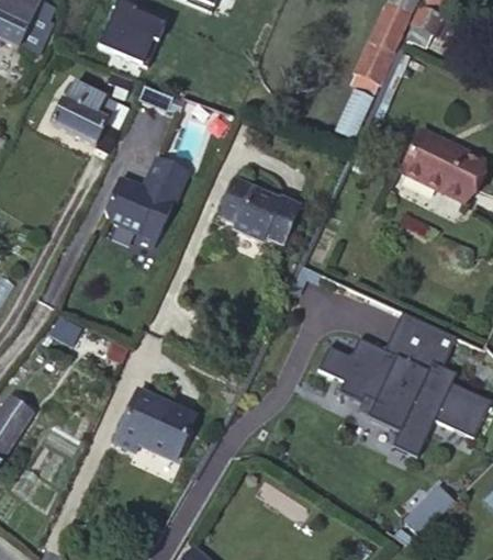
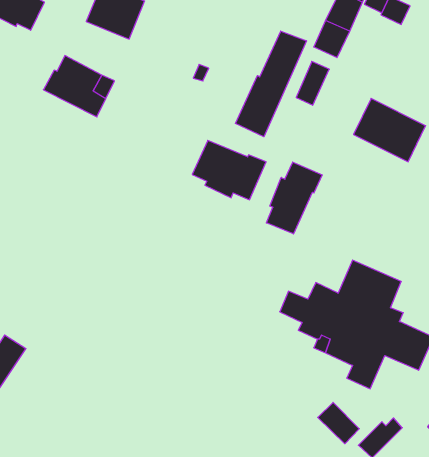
building: none -> [235,31,306,137]
building: [105,154,189,245] -> none
building: none -> [266,162,322,234]
building: [113,389,194,460] -> none
building: none -> [318,402,359,444]

